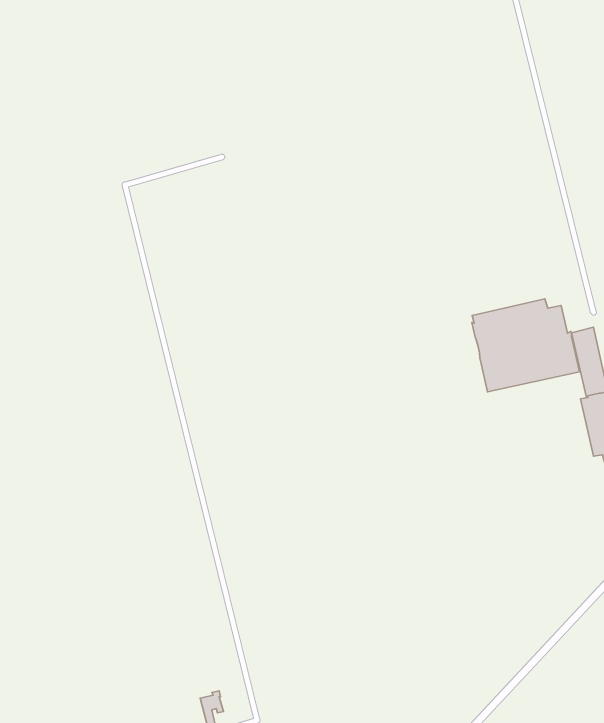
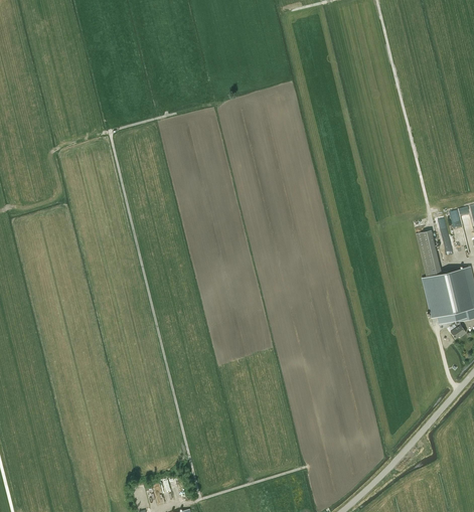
building: [472,299,580,392] -> none

